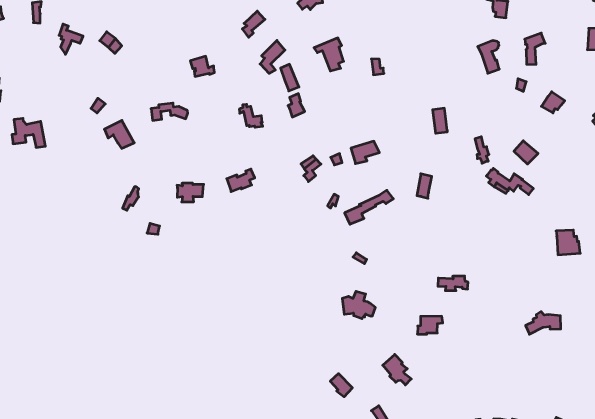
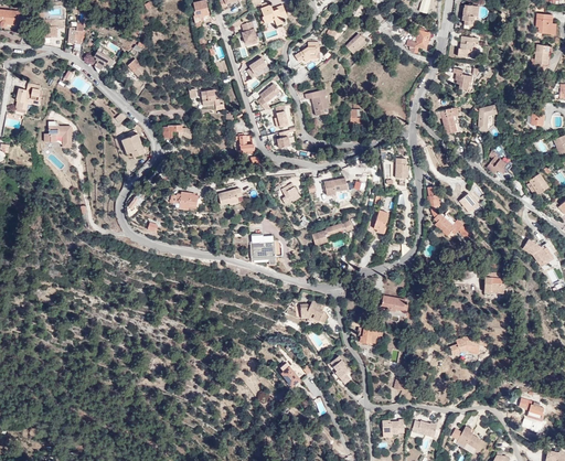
building: none -> [250,234,276,258]

